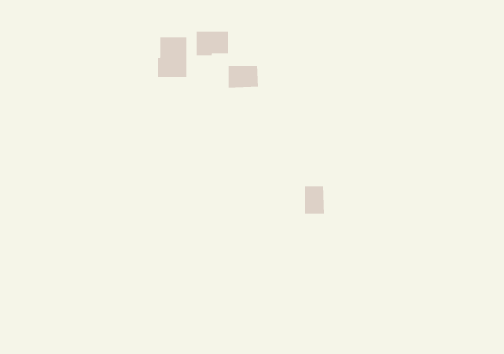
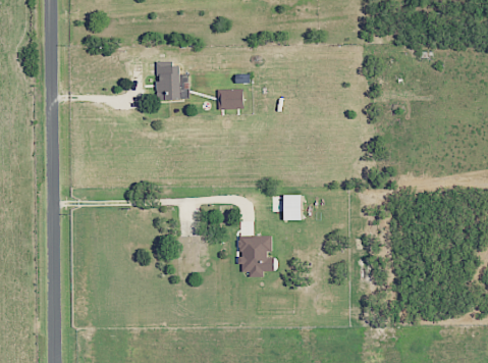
building: [196,31,229,56] -> none
building: none -> [239,236,274,274]

